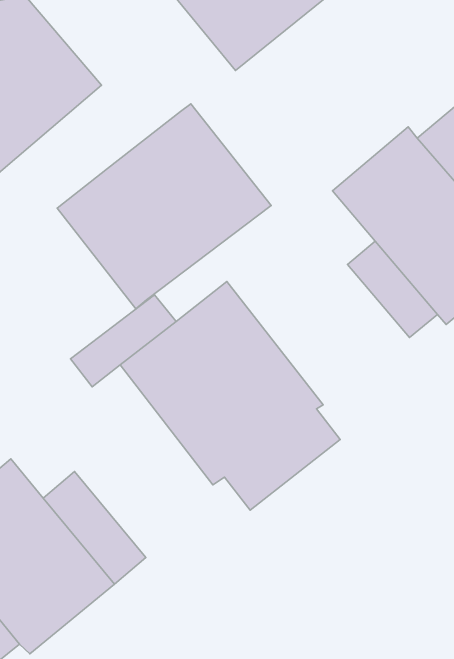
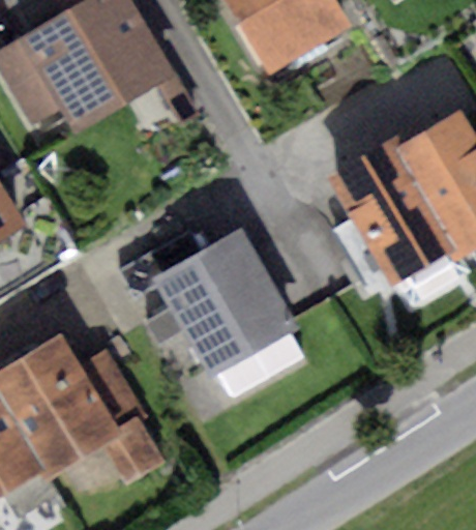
building: [57,104,271,309] -> none

